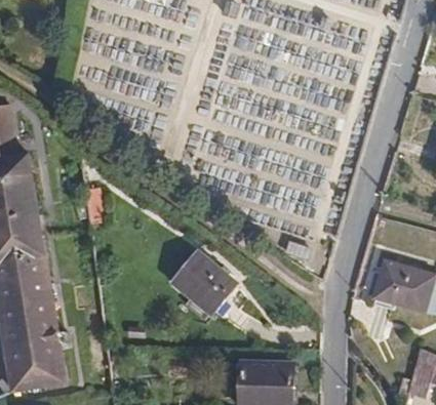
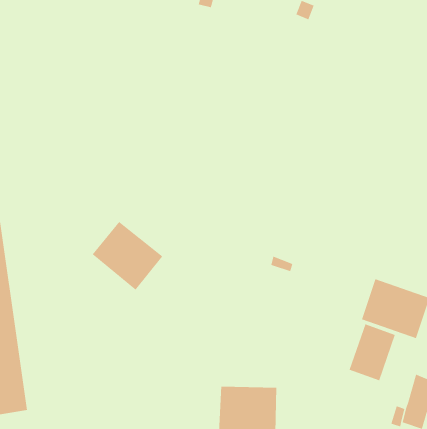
building: [168,249,233,312] -> [92,221,163,290]
building: none -> [349,323,396,381]

